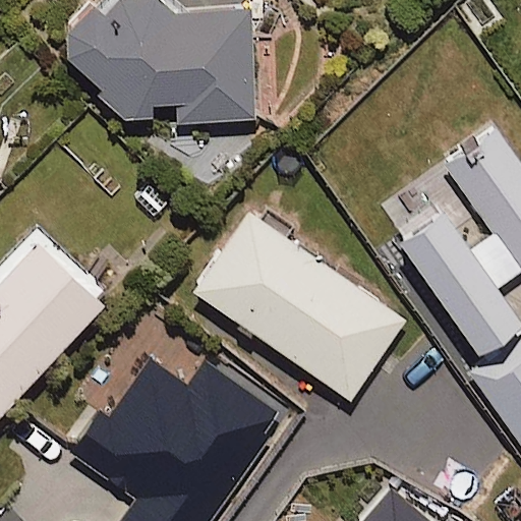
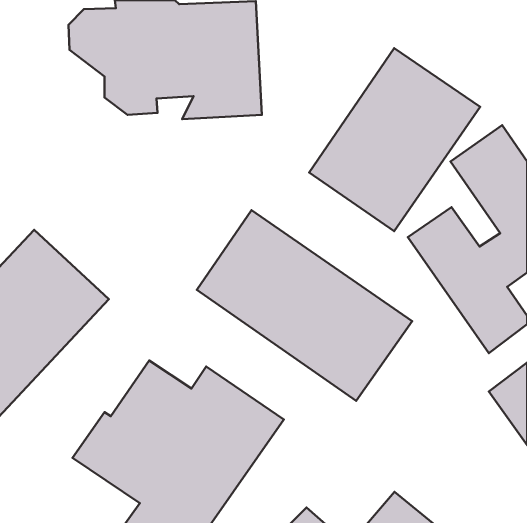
building: none -> [309,48,480,231]

